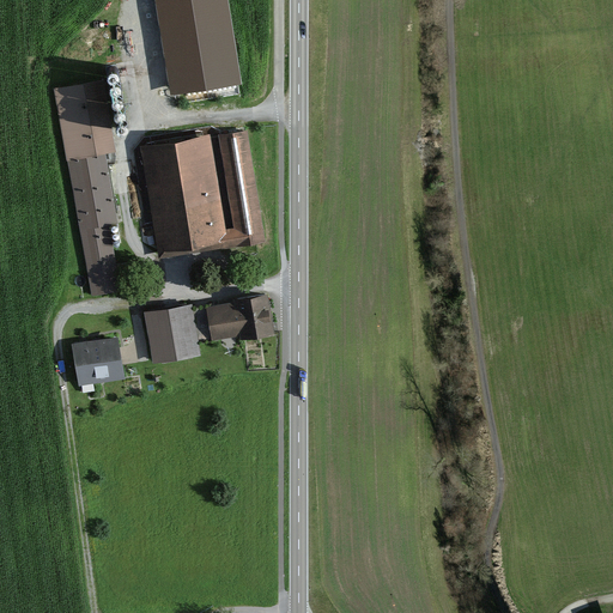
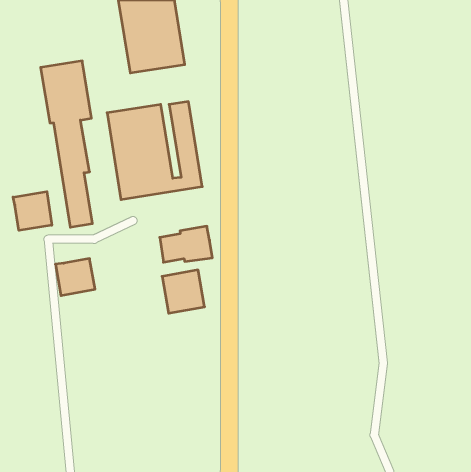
building: none -> [13,192,52,230]
building: [144,306,199,363] -> [162,270,205,313]

